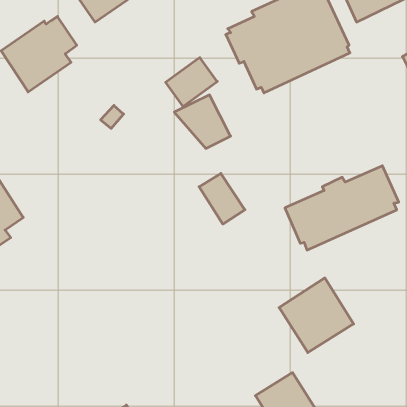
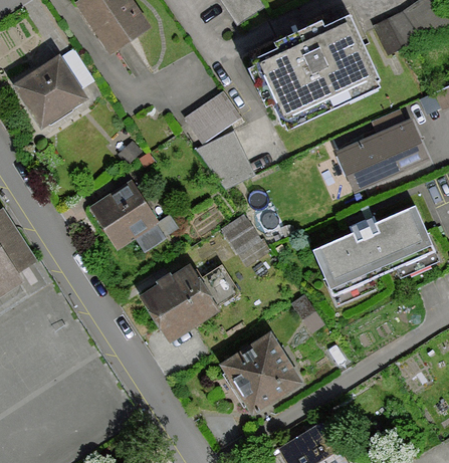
building: none -> [336,110,429,194]
building: none -> [89,181,163,251]
building: none -> [140,263,238,341]
building: [279,278,354,353] -> [222,333,300,412]

